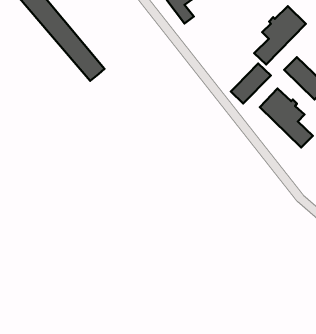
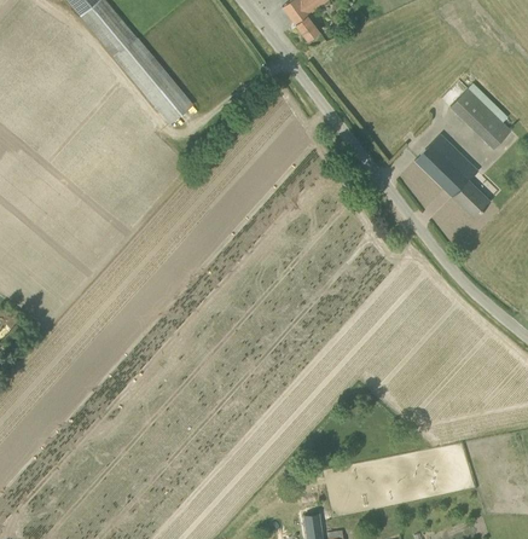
building: [254,6,306,65] -> none
building: [231,63,271,104] -> none

